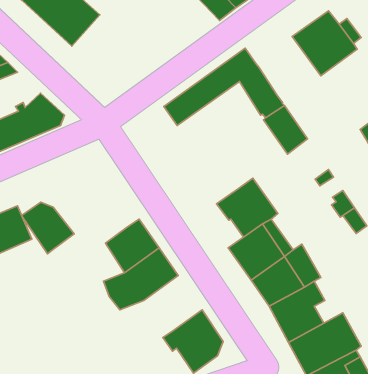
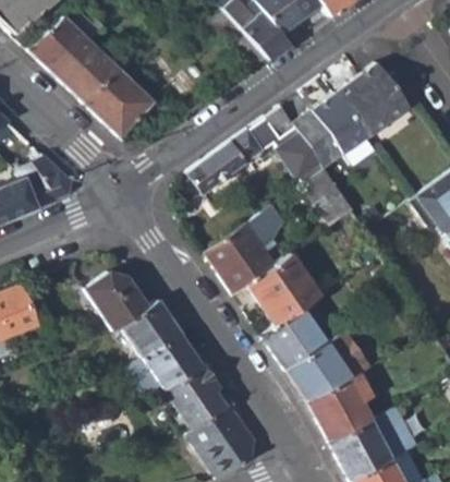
building: none -> [85,67,154,135]
building: none -> [294,92,368,168]
building: none -> [206,213,275,292]
building: [22,202,74,254] -> [88,273,148,332]
building: none -> [167,364,233,436]

